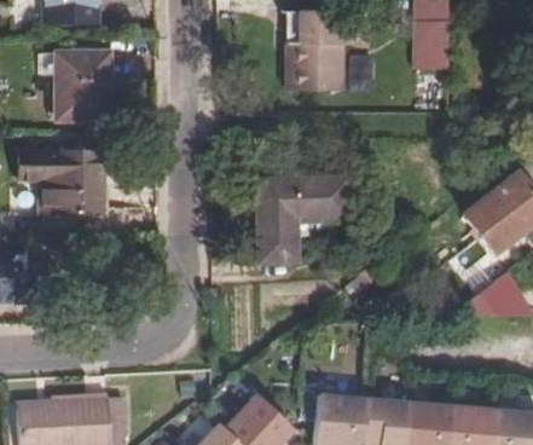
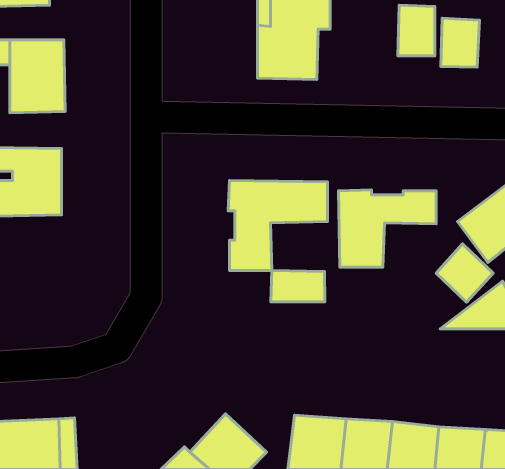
building: none -> [441,18,480,67]
building: none -> [338,190,436,267]
building: none -> [271,271,325,302]

